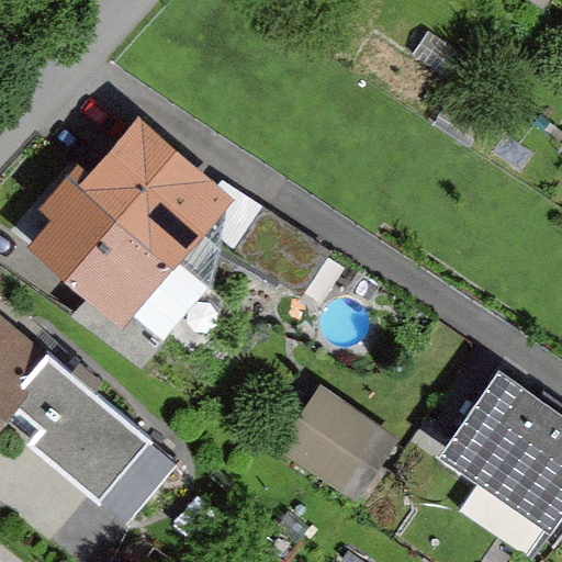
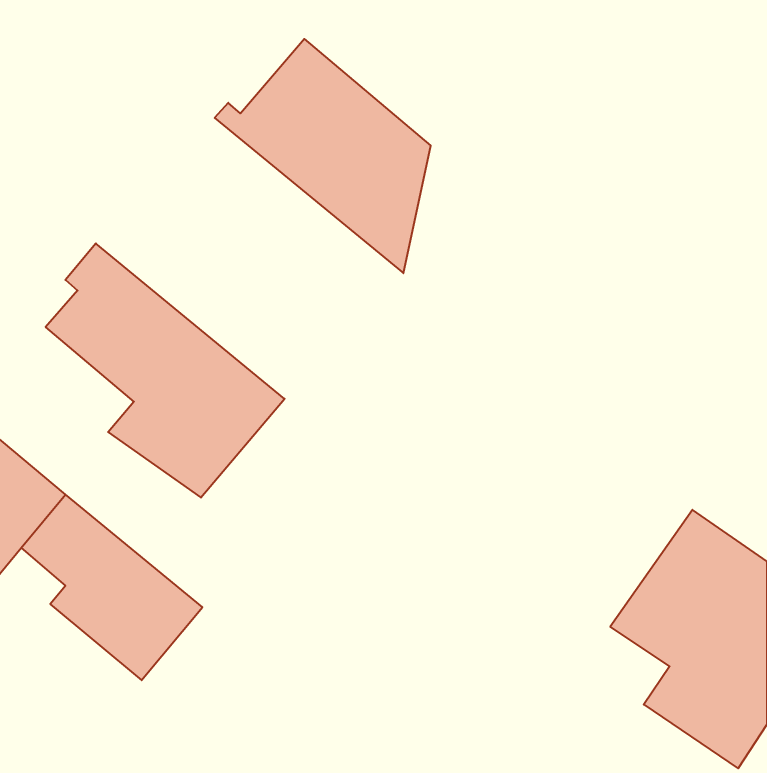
building: [69,122,225,291] -> [215,39,431,273]
building: [281,386,390,493] -> none

